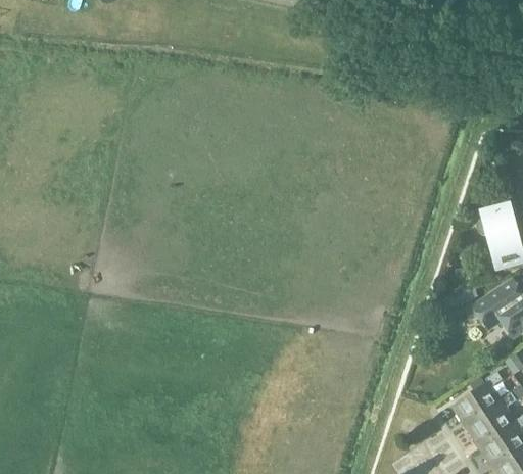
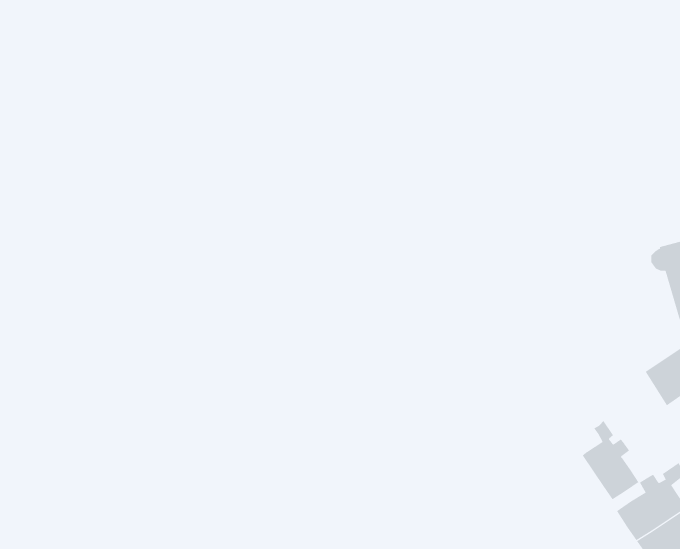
building: none -> [582,420,639,500]

